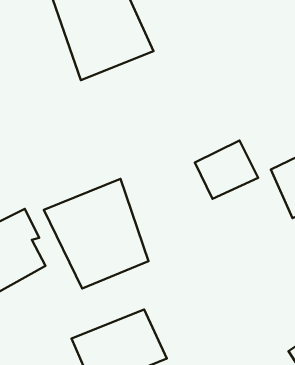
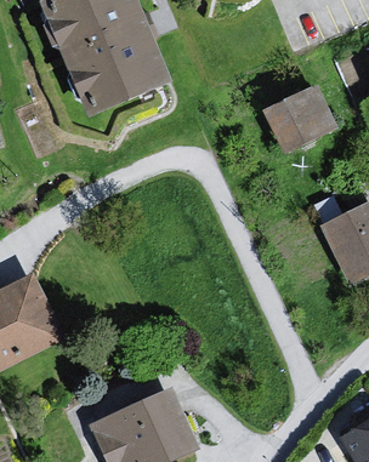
building: [195,141,258,199] -> [263,85,337,153]
building: [44,179,148,289] -> none

